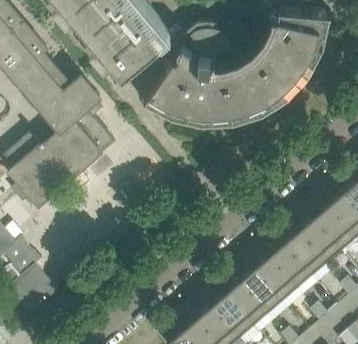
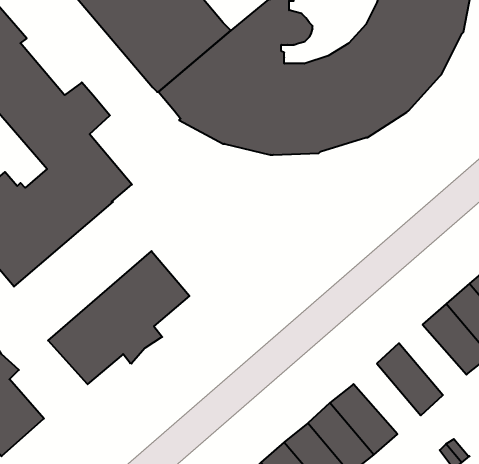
building: none -> [48,251,189,384]
building: [284,230,327,275] -> none
building: [255,255,298,300] -> none

